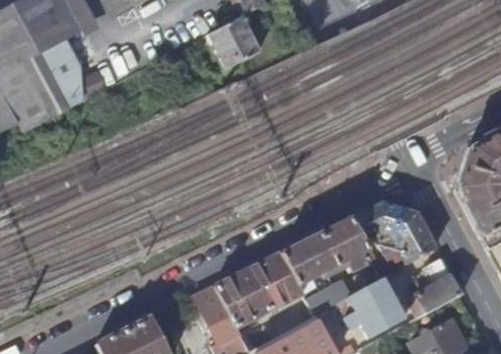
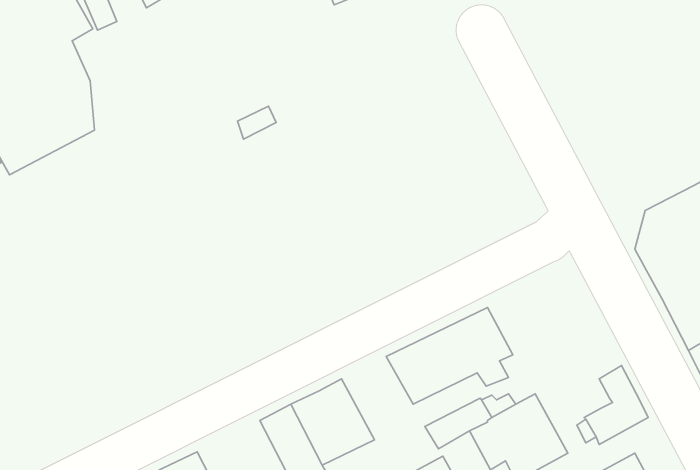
building: [207,14,259,67] -> none
building: [363,202,435,263] -> none
building: [251,252,304,308] -> none

